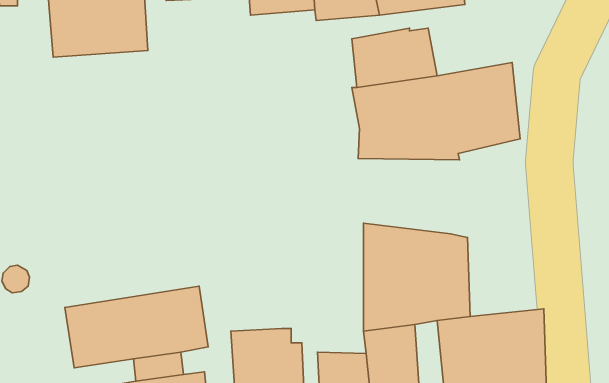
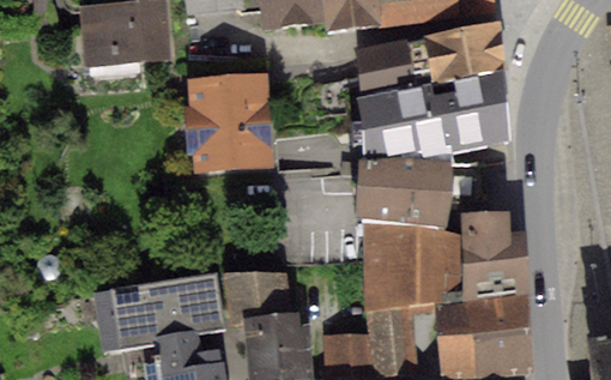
building: none -> [424,20,506,83]
building: none -> [183,74,272,169]
building: none -> [355,158,453,227]
building: none -> [460,211,530,302]
building: none -> [223,275,291,316]

